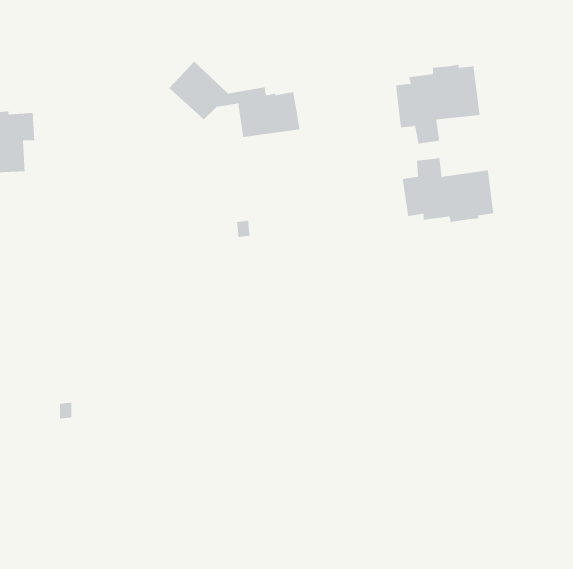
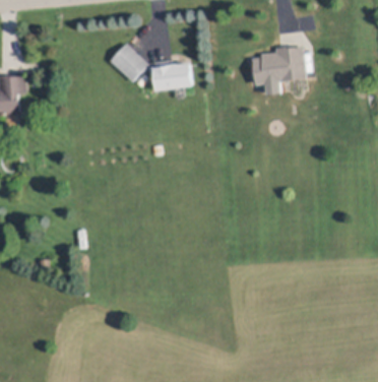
building: [402,157,494,223] -> none

